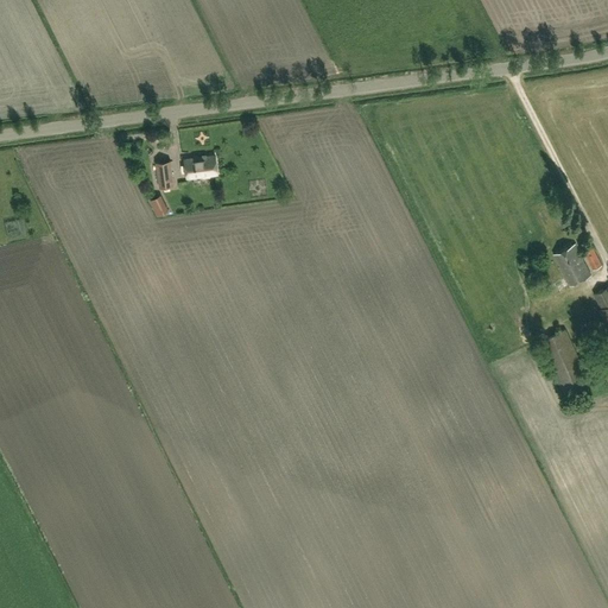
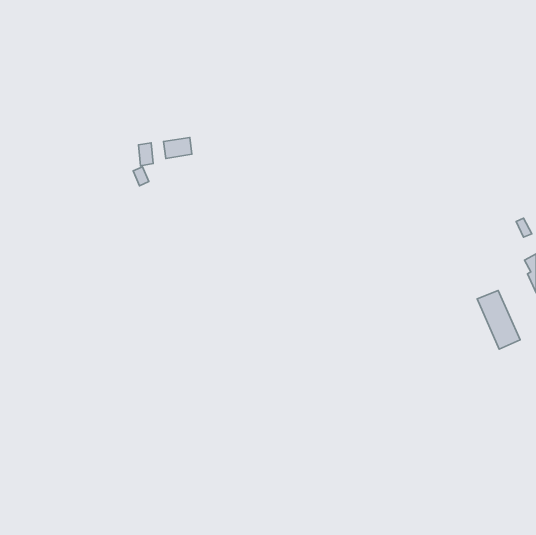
building: [553,243,591,286] -> none

